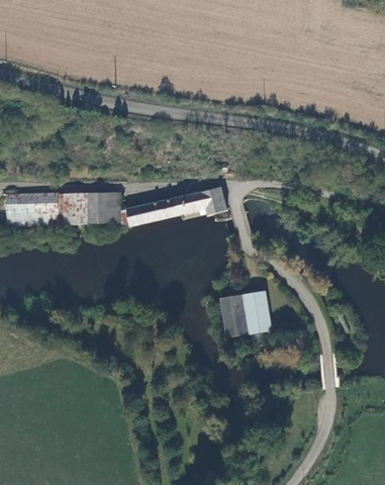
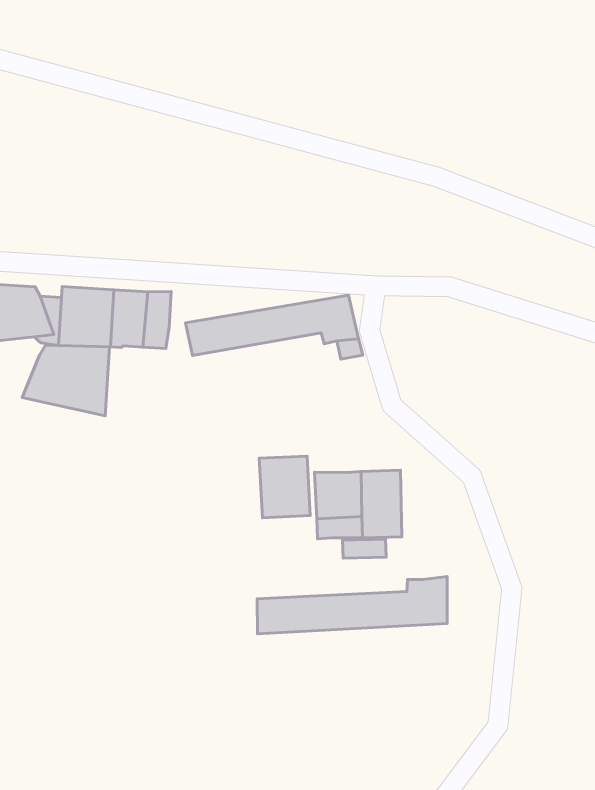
building: none -> [22,345,110,416]
building: none -> [259,456,310,518]
building: none -> [257,577,447,634]

